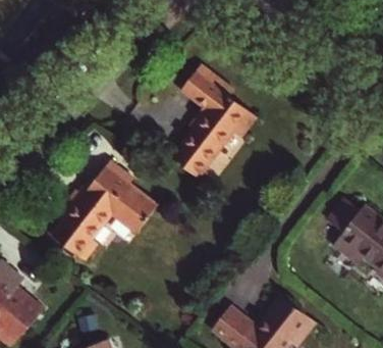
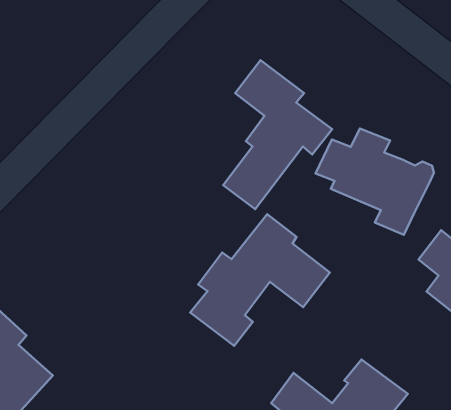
building: none -> [315,129,434,235]
building: [50,163,157,264] -> [190,214,330,346]

